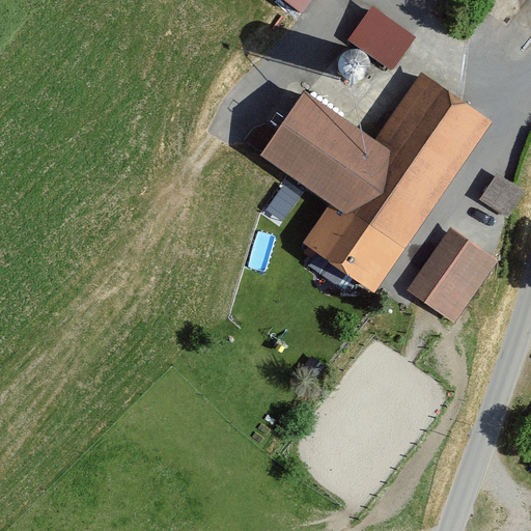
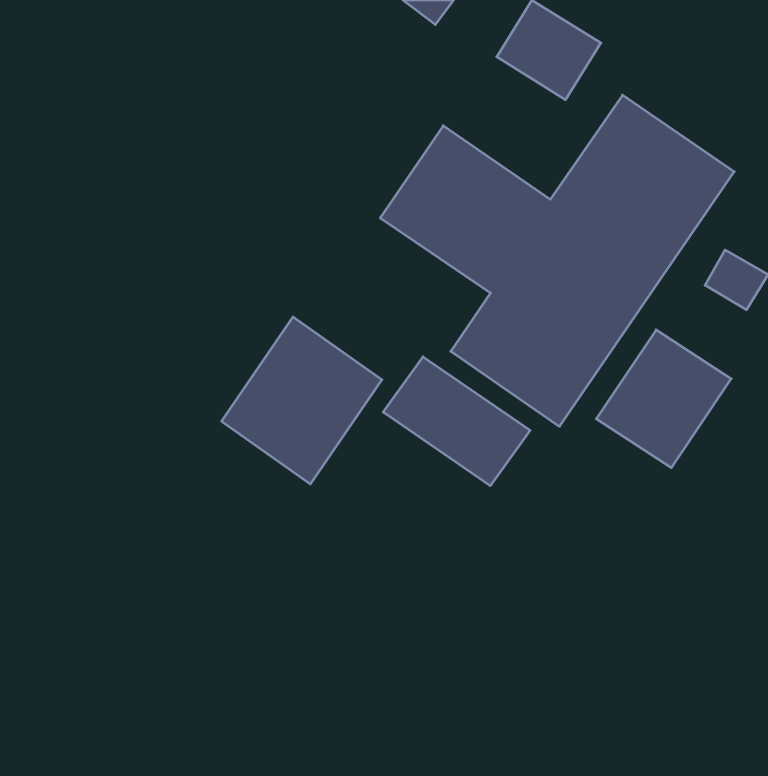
building: none -> [222,317,382,484]
building: none -> [383,357,530,486]

